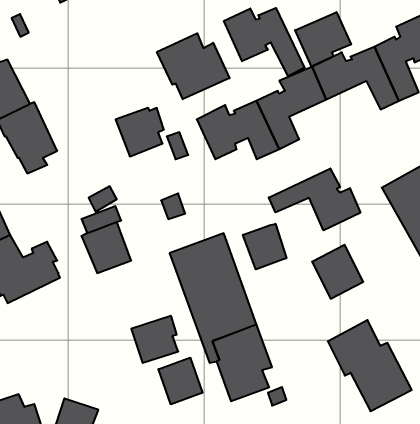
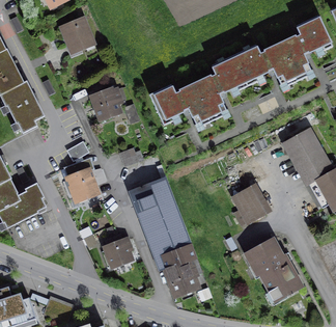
building: [224,8,304,76] -> none
building: none -> [59,15,95,53]
building: [295,12,351,67] -> none
building: [157,33,230,99] -> none
building: [269,168,360,230] -> none
building: [243,224,286,269] -> none
building: [158,358,202,404] -> none

